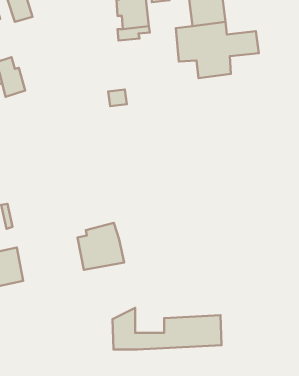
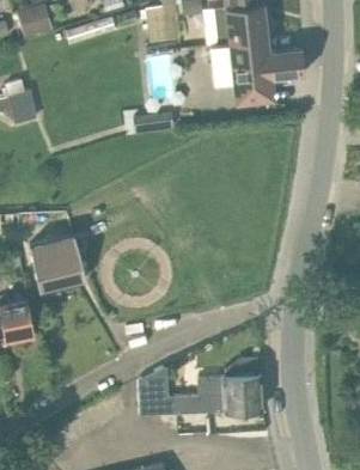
building: [77,223,124,270] -> [32,234,86,288]

